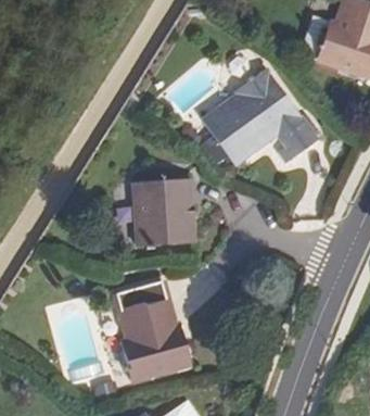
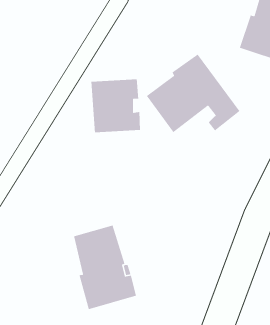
building: [132,177,194,244] -> [91,78,141,133]

